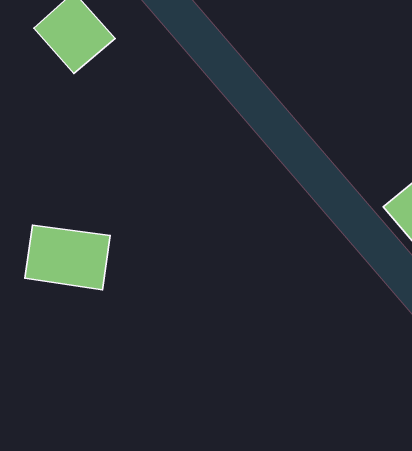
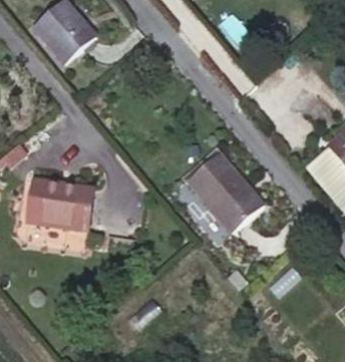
building: none -> [187,152,264,232]

